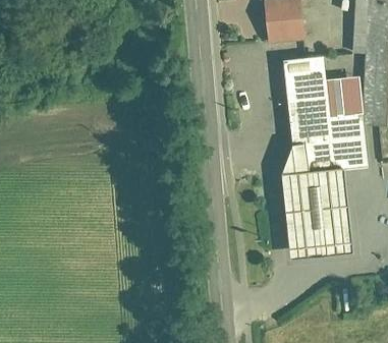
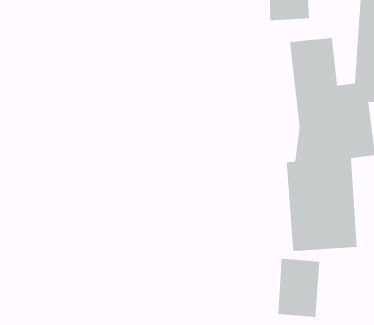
building: none -> [278,258,320,318]

